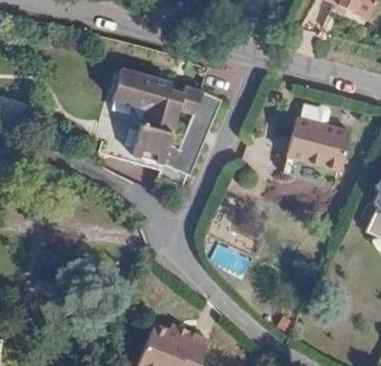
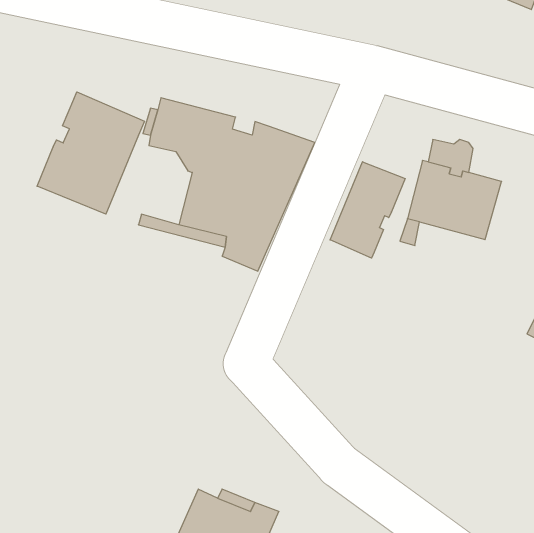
building: none -> [37,92,145,214]
building: none -> [330,162,405,258]

